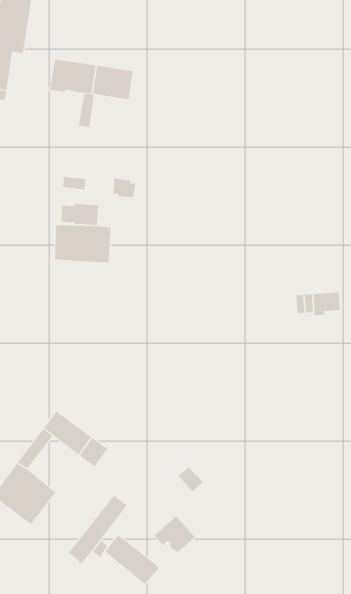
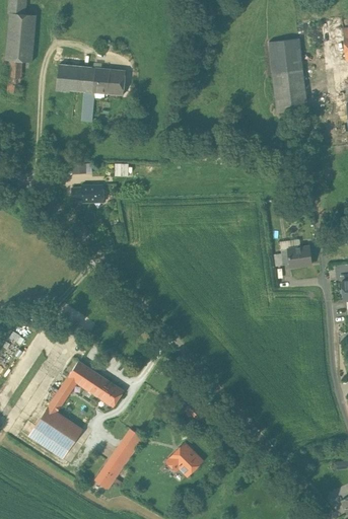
building: none -> [268,39,306,113]
building: [54,224,111,264] -> none
building: [104,534,160,585] -> none

